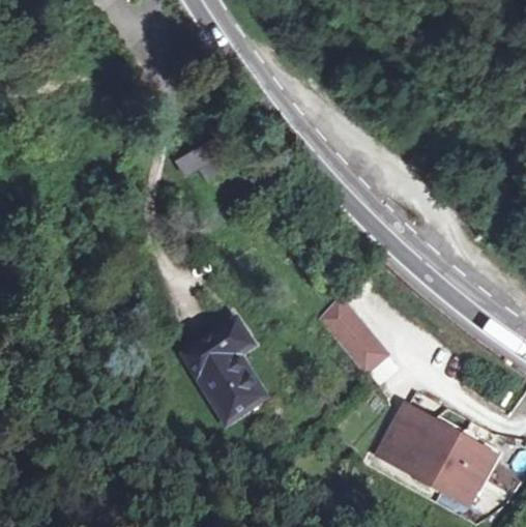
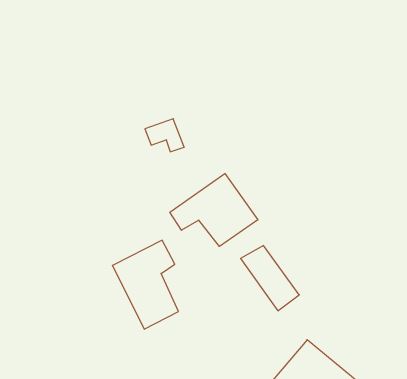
building: [173,144,218,180] -> [145,119,184,152]
building: none -> [170,174,258,246]

